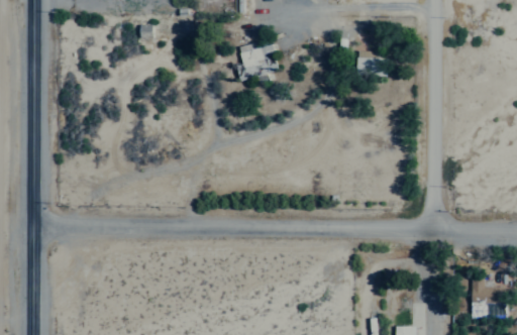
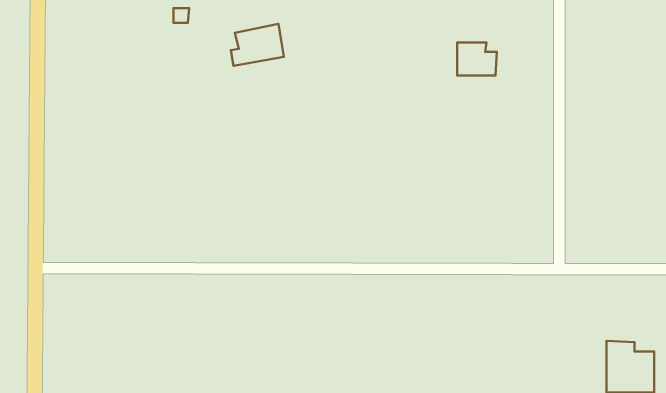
building: [236,45,277,78] -> [231,24,284,66]

